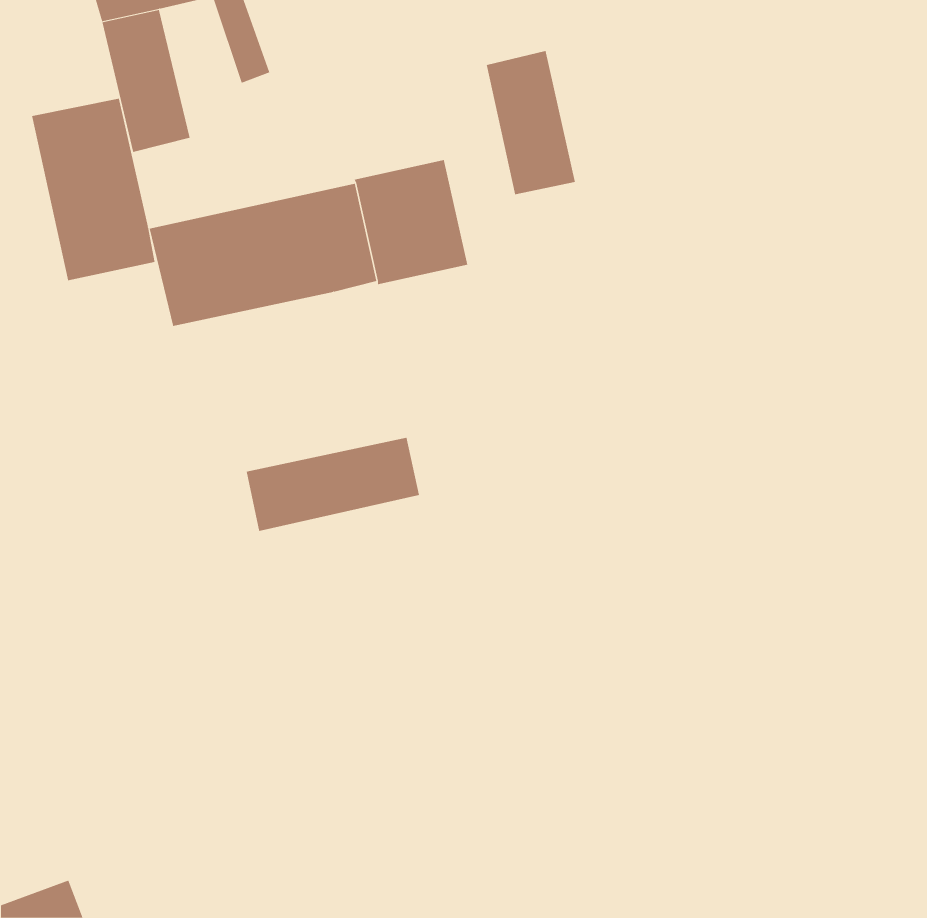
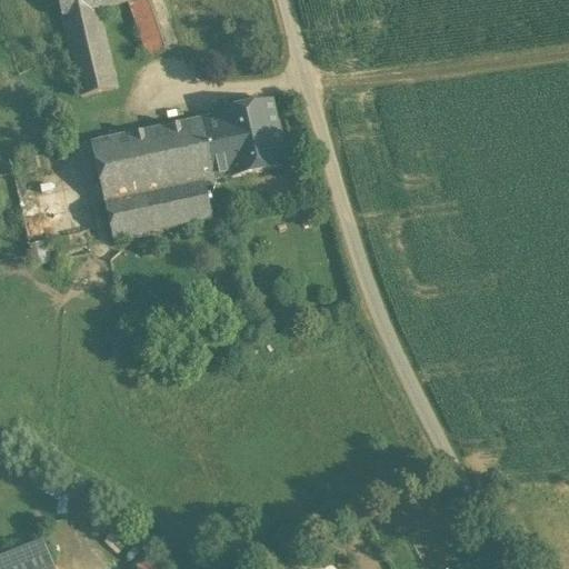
building: [486,50,575,195] -> none
building: [32,98,155,281] -> none
building: [246,437,420,531] -> [106,179,212,237]

